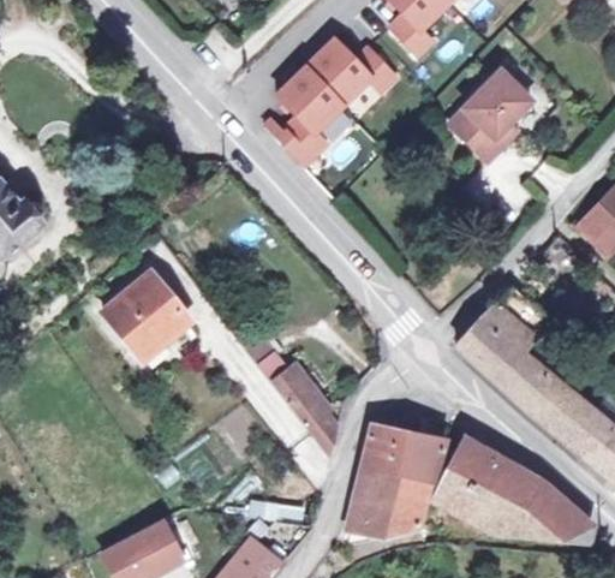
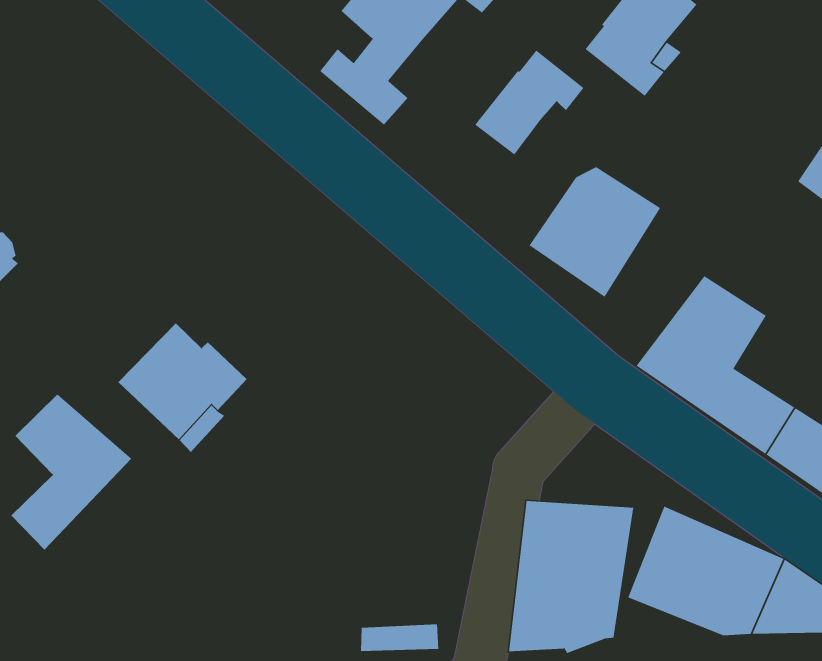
building: none -> [474,50,585,156]
building: none -> [529,166,661,298]
building: none -> [11,394,132,550]
building: [262,354,341,460] -> none

